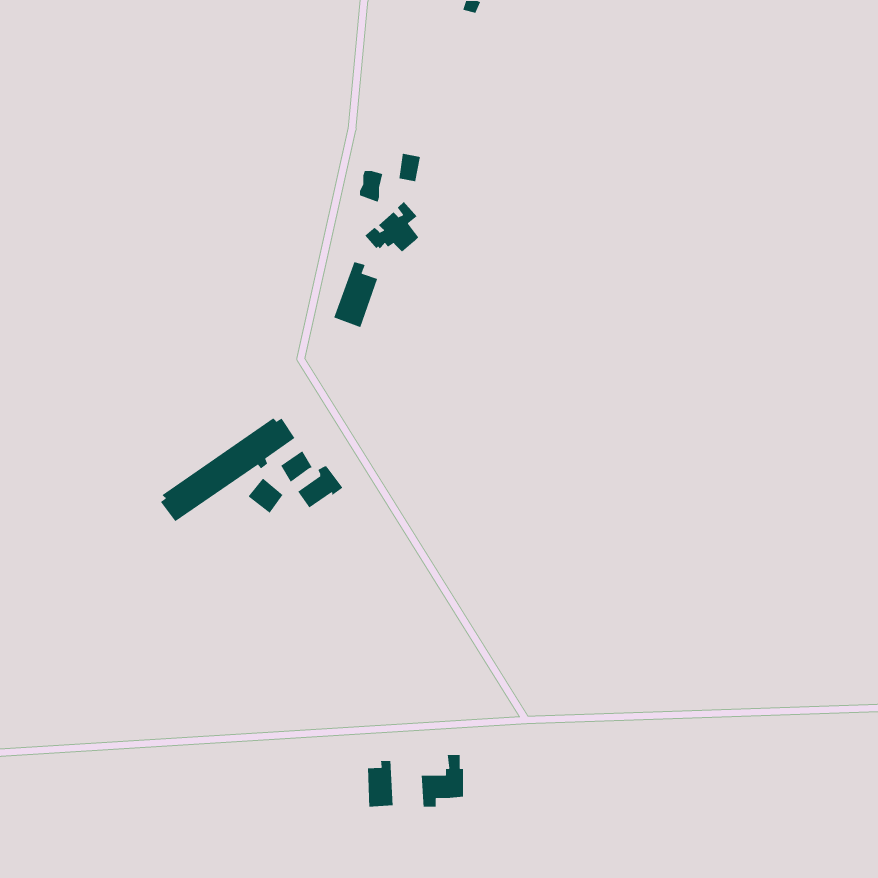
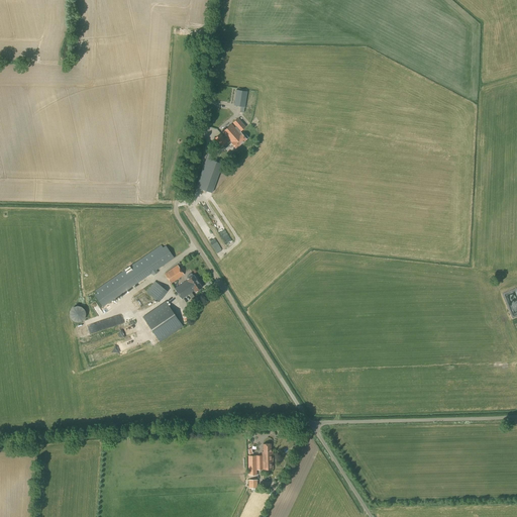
building: none -> [142,301,183,342]
building: [367,760,393,807] -> none

